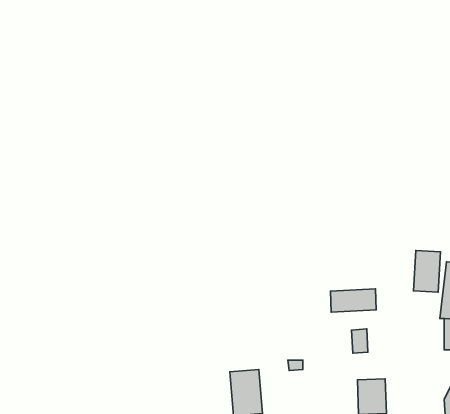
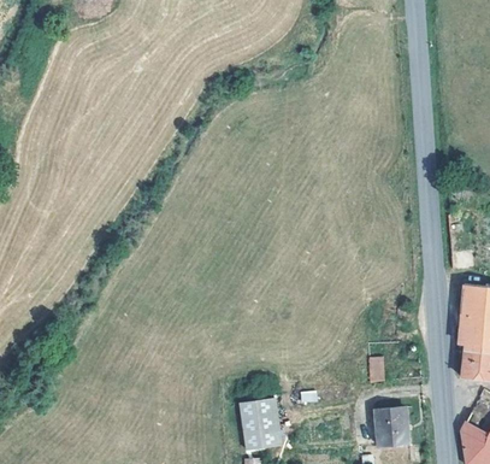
building: [414,250,440,292] -> none
building: [330,289,376,312] -> none

